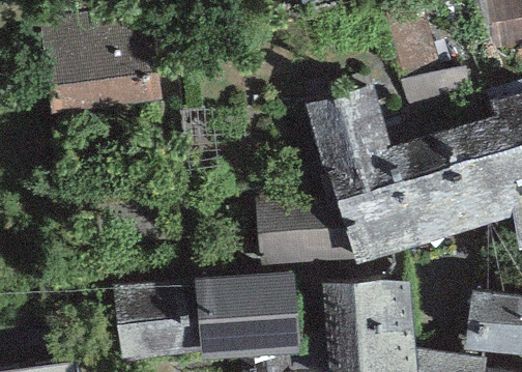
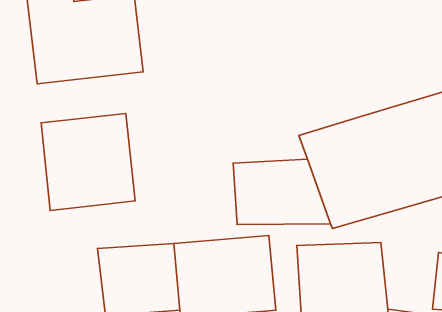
building: [307,84,394,168] -> none
building: none -> [41,113,135,210]

